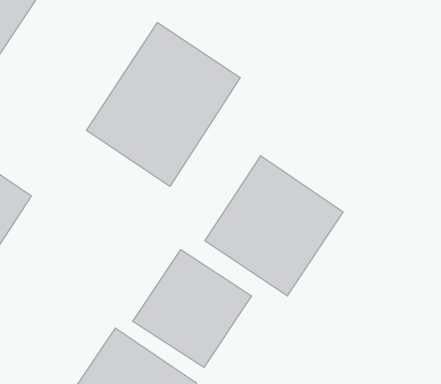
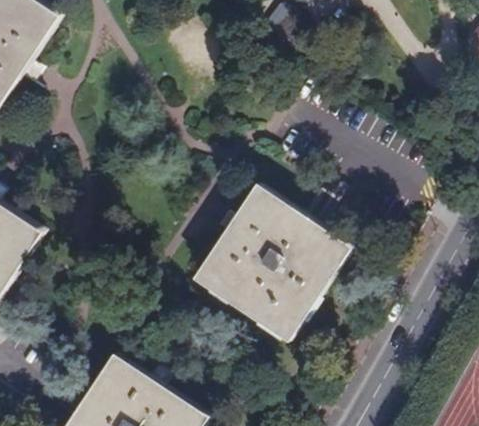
building: [87,22,240,186] -> none
building: [133,250,251,367] -> none

